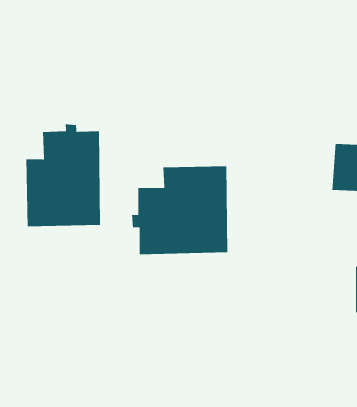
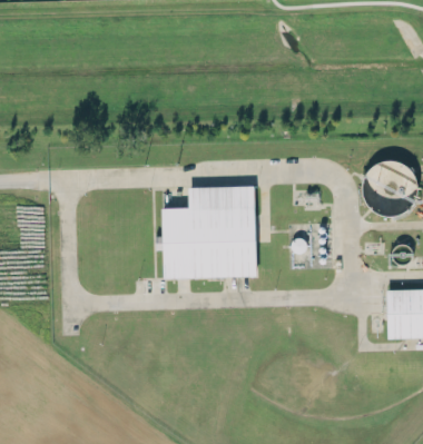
building: [26,124,101,227] -> none

